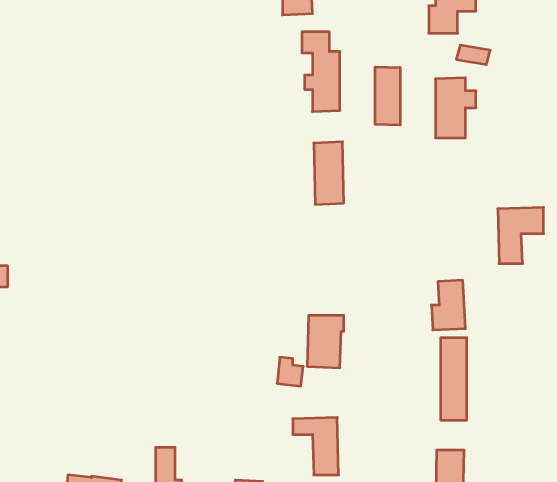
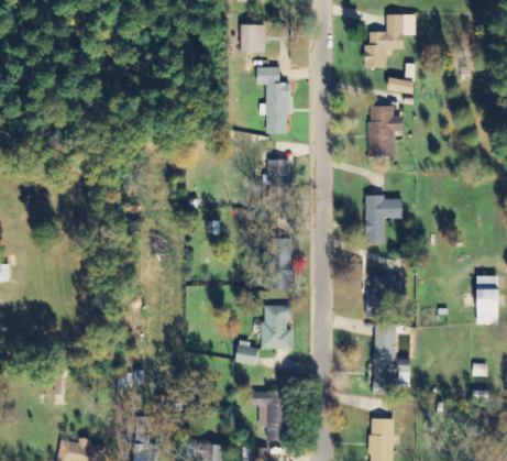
building: [375,67,400,125] -> none
building: [498,207,544,264] -> [364,196,403,243]
building: none -> [264,230,291,289]

